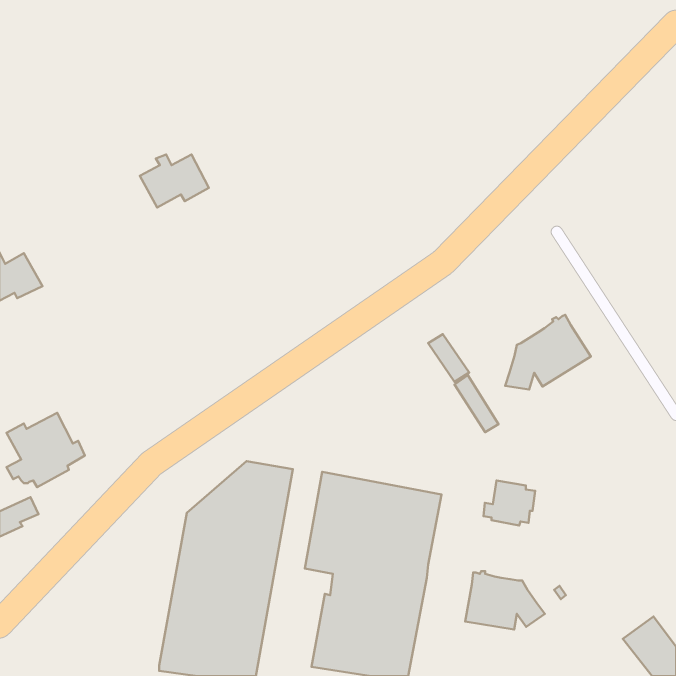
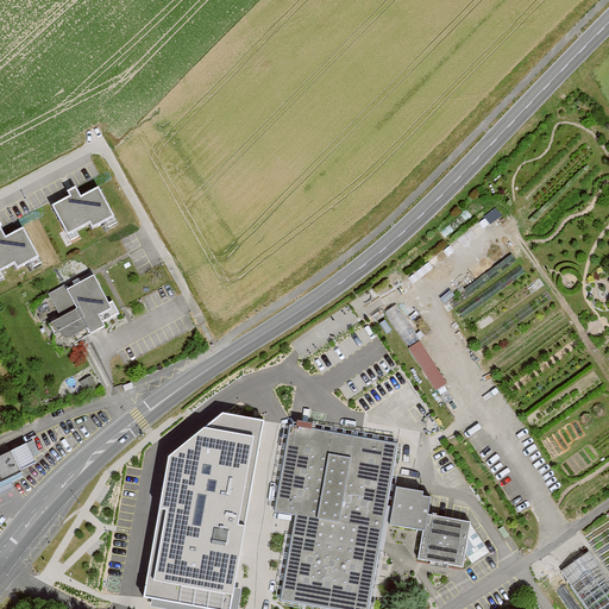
building: [140,155,209,208] -> [51,187,113,234]
building: [505,315,591,389] -> none
building: [7,413,85,487] -> [48,275,118,341]
building: [483,480,535,525] -> [383,486,429,527]

